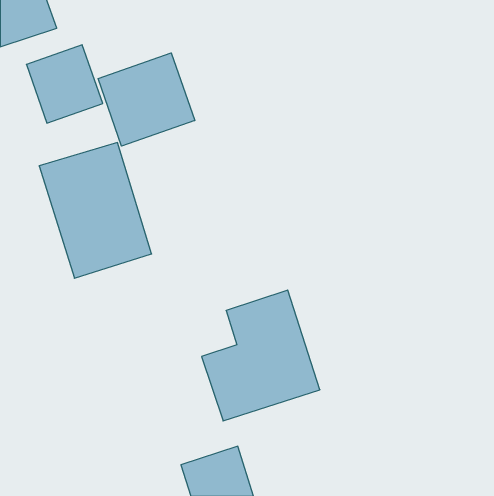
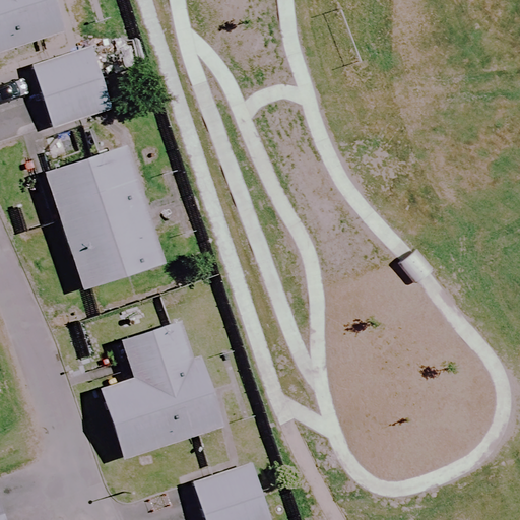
building: [98,53,195,146] -> none
building: [202,290,320,421] -> [101,321,223,457]

